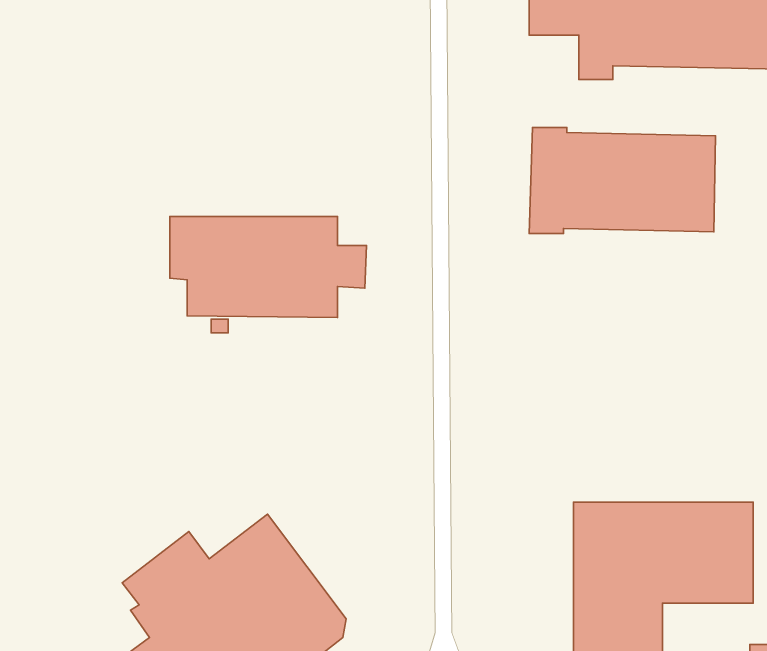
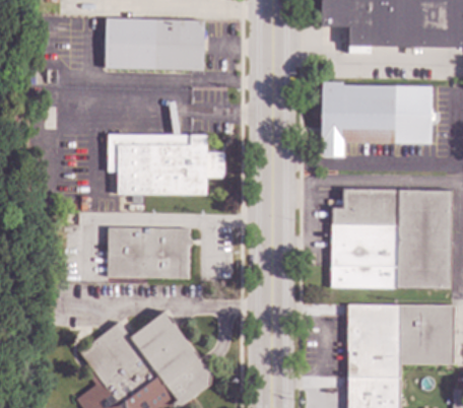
building: none -> [105,16,205,70]
building: none -> [331,188,452,288]
building: none -> [107,226,194,277]

